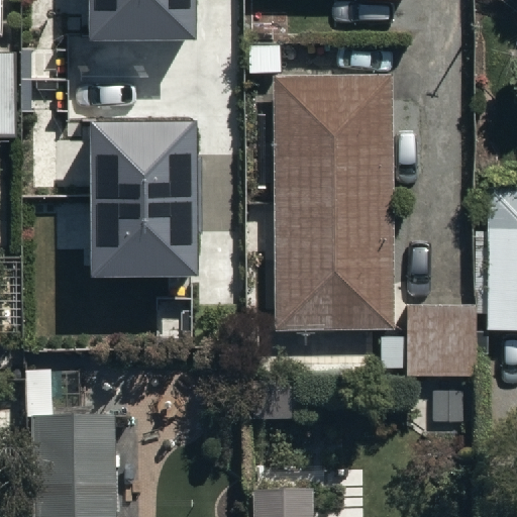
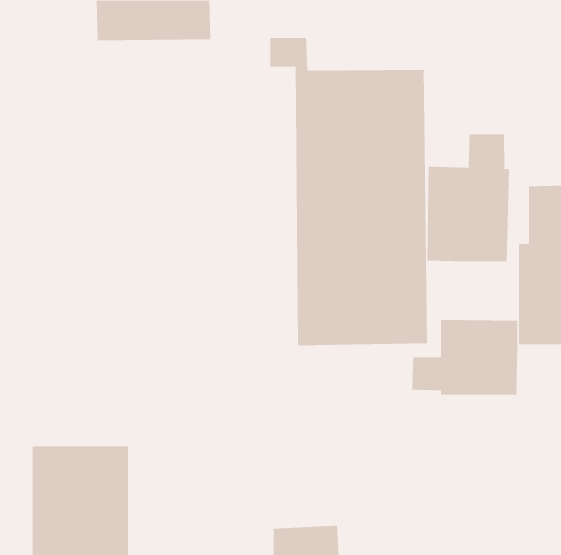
building: [92,128,198,281] -> none
building: none -> [427,133,509,262]

